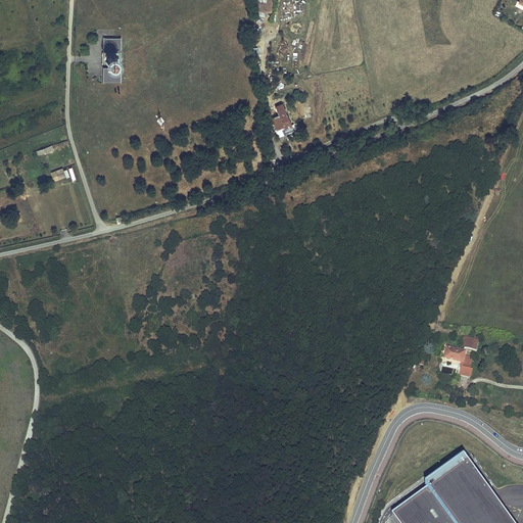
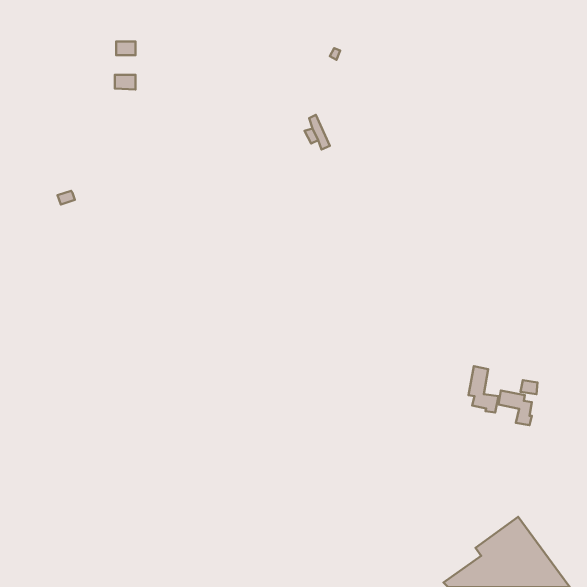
building: none -> [468,366,499,412]

